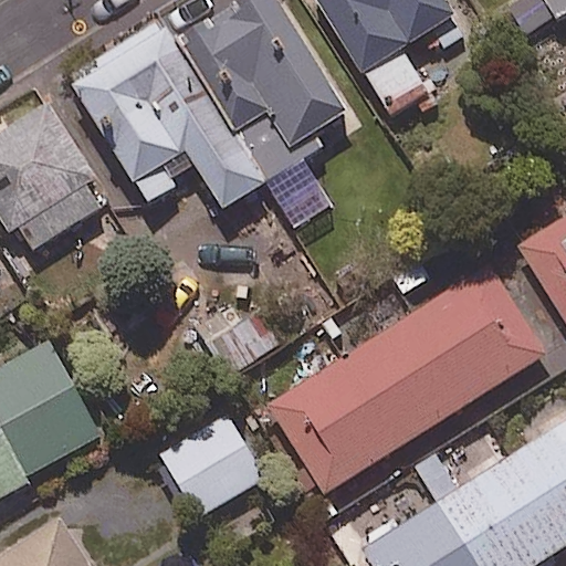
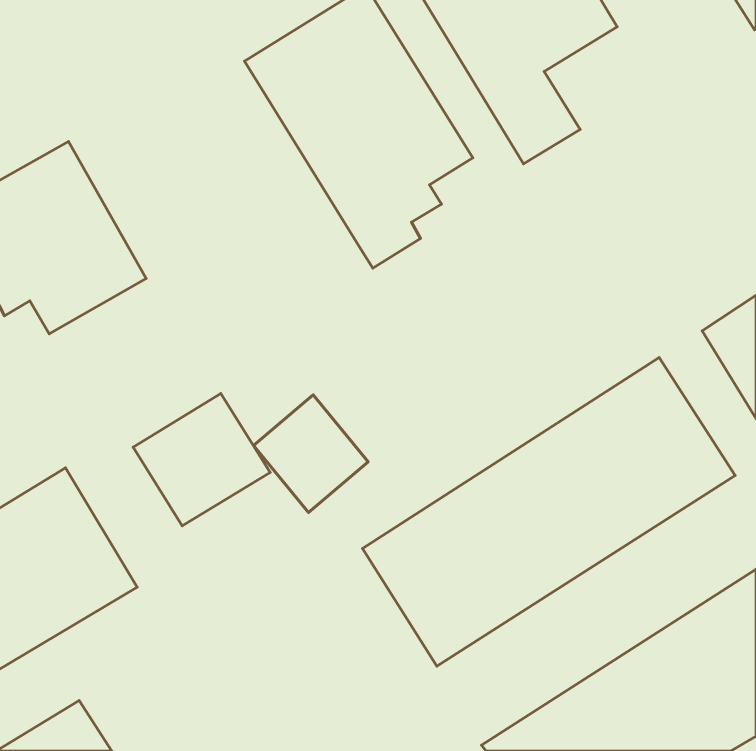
building: [72,27,269,214] -> none
building: [155,410,256,509] -> [133,393,270,526]

